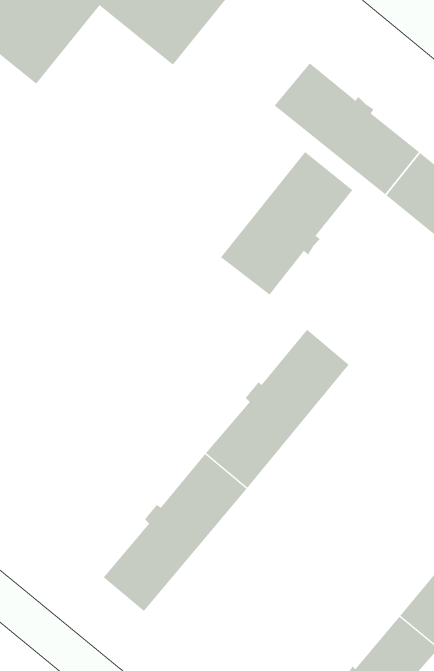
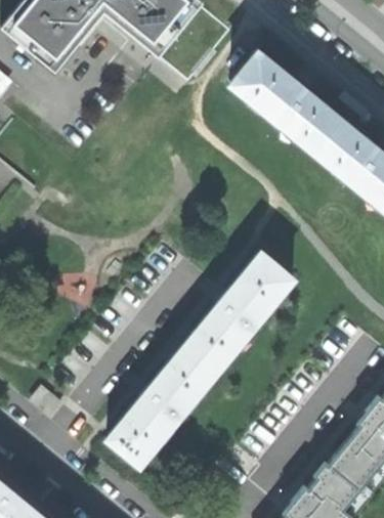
building: [220,151,353,296] -> none

